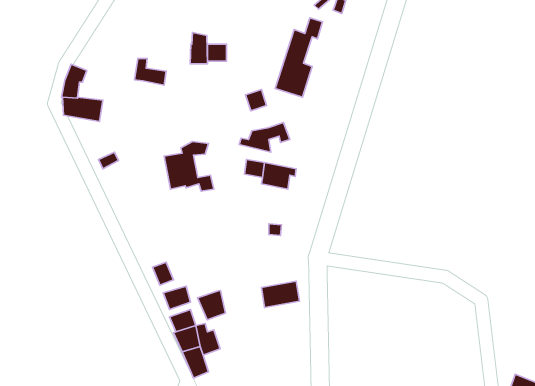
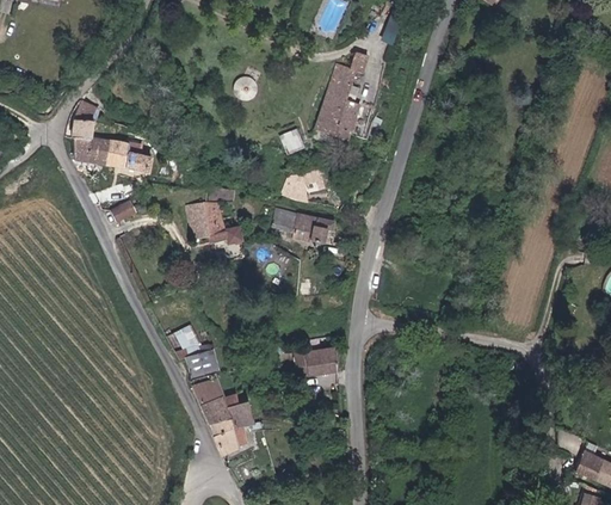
building: [190,33,207,64] -> none
building: [135,59,166,85] -> [115,142,150,172]
building: [197,291,225,320] -> none

